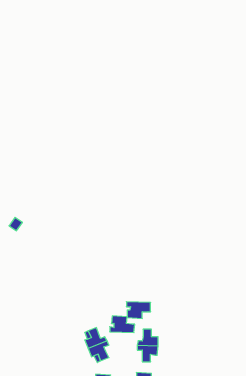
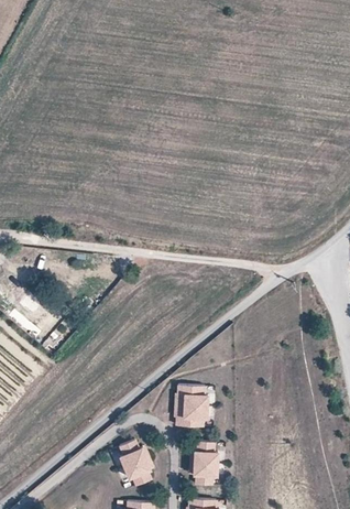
building: [110,316,135,333] -> [176,386,209,408]

